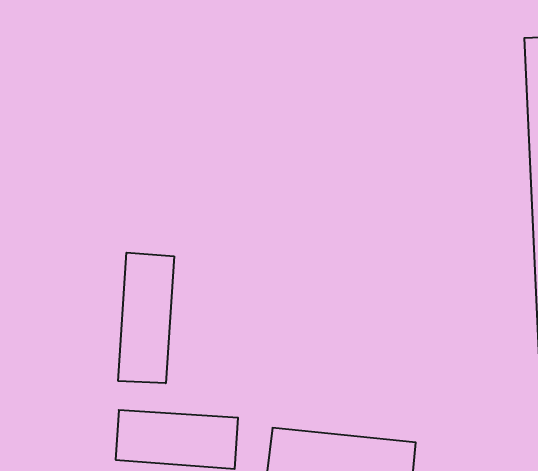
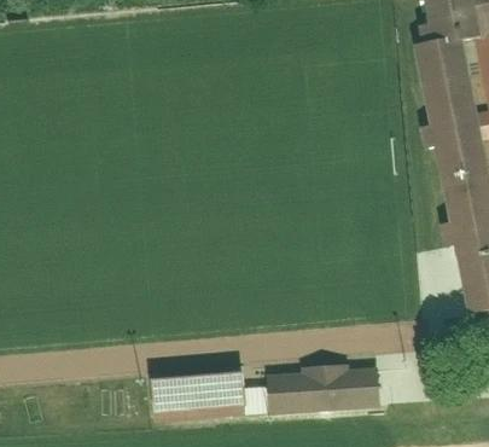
building: [118,253,174,383] -> none

